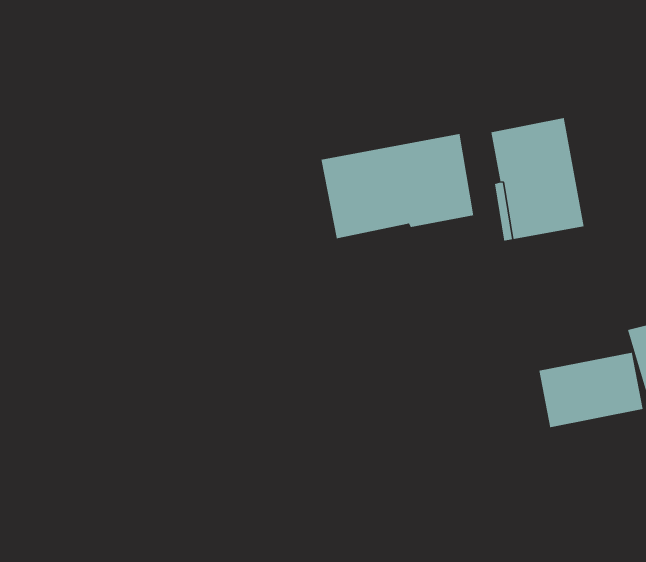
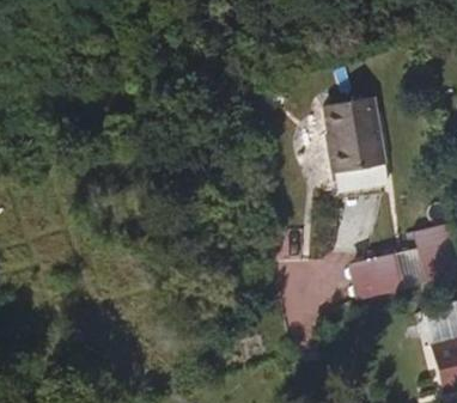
building: [321,133,474,239] -> none

